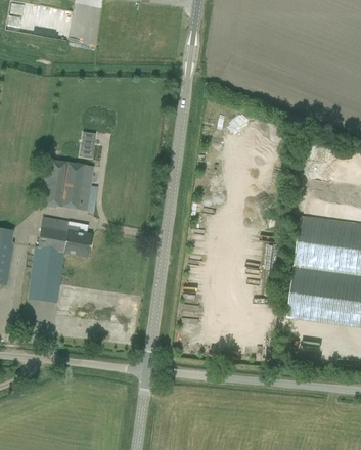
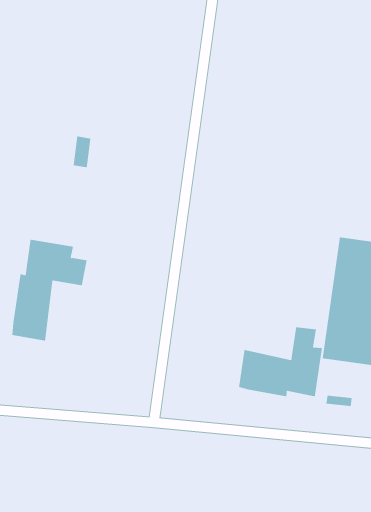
building: [41,158,93,209] -> none
building: none -> [239,326,322,397]

